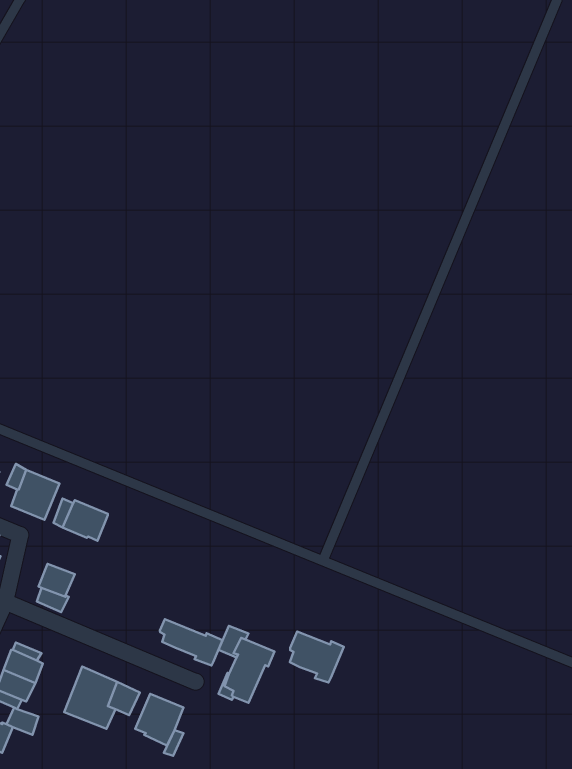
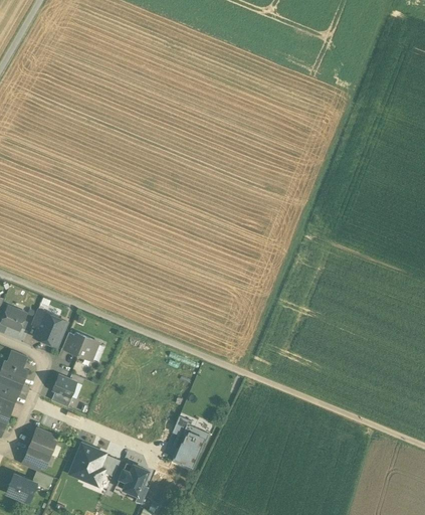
building: [160,619,222,666] -> none
building: [290,632,344,683] -> none

